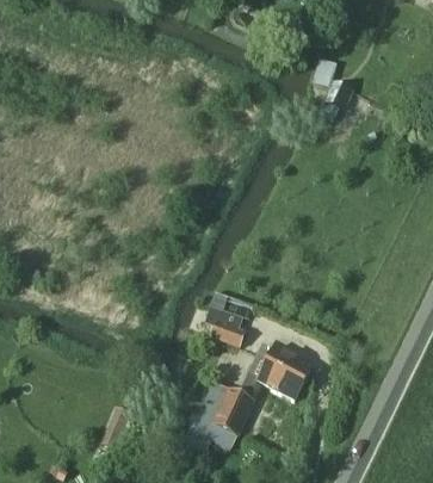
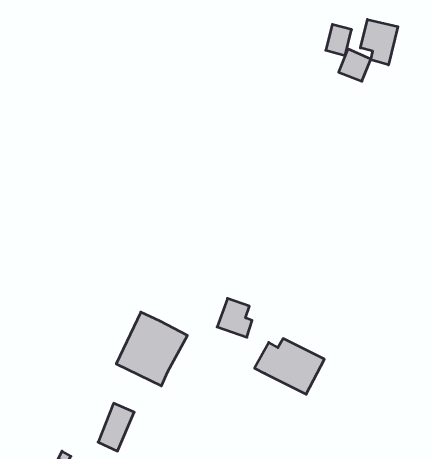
building: none -> [360,19,398,65]
building: [188,379,254,447] -> [116,312,187,386]

